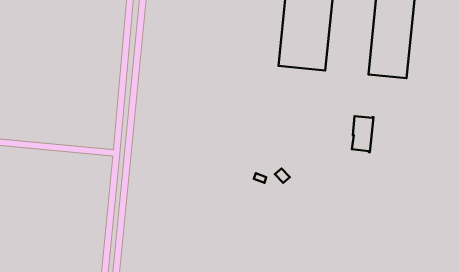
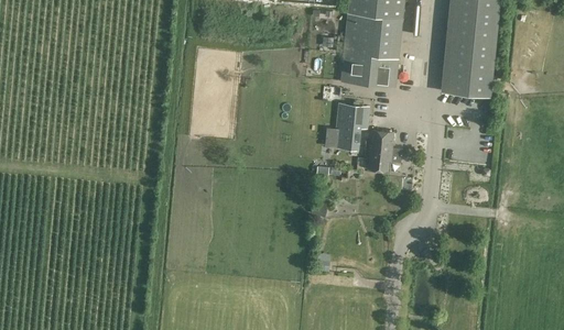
building: none -> [333,105,361,151]
building: [352,116,374,152] -> [367,131,392,173]

